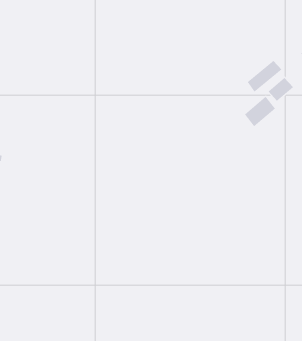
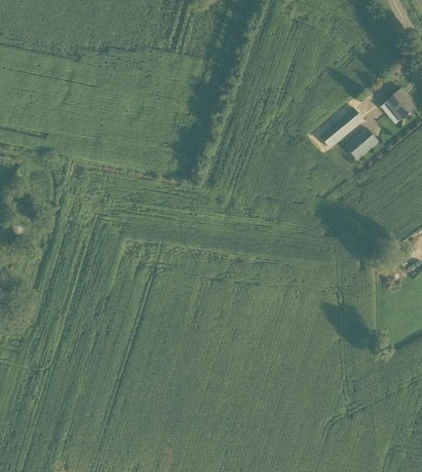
building: [244,96,276,127] -> none

